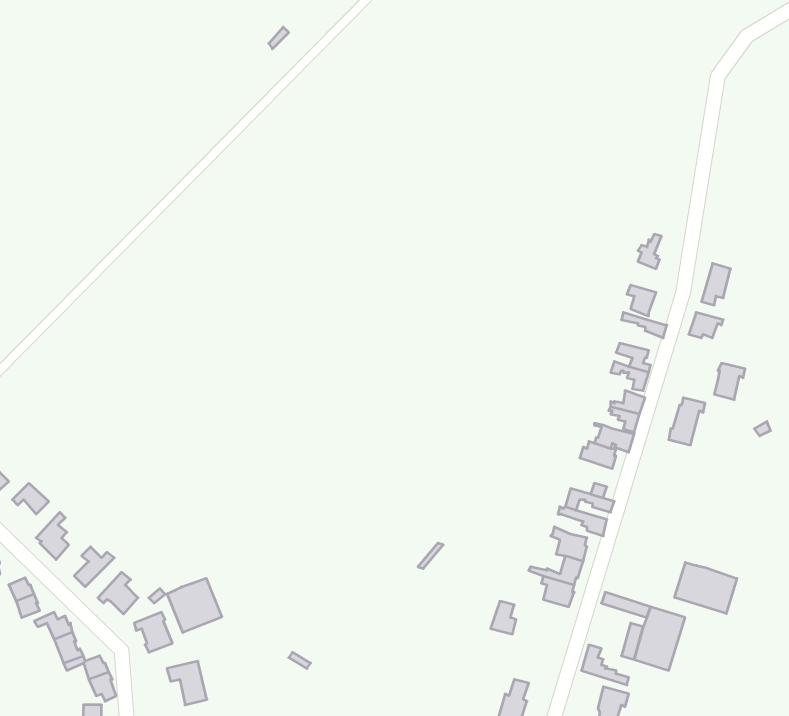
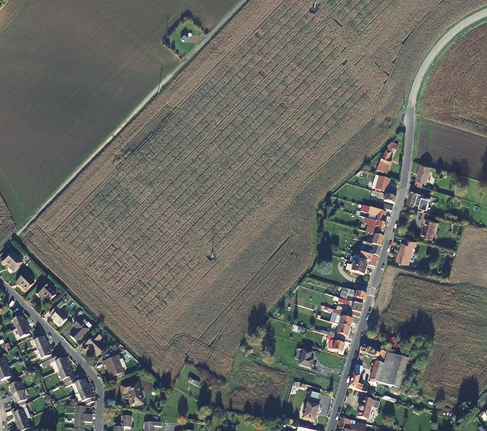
building: [675,562,737,614] -> none
building: [167,578,222,633] -> none

